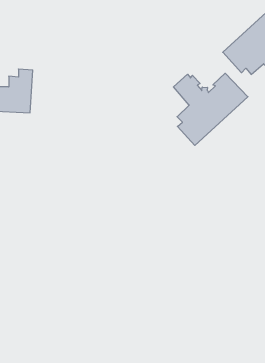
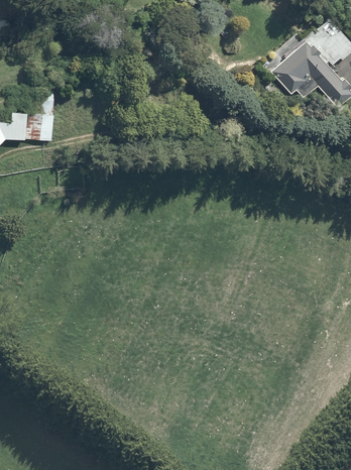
building: [173,73,248,145] -> none

